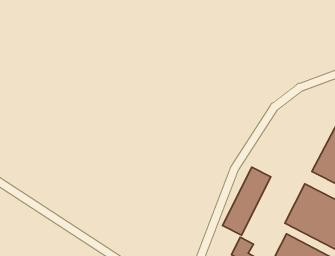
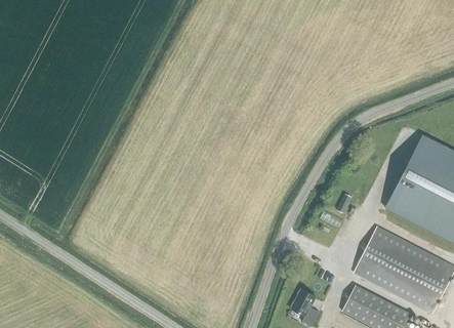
building: [223,167,271,235] -> none

